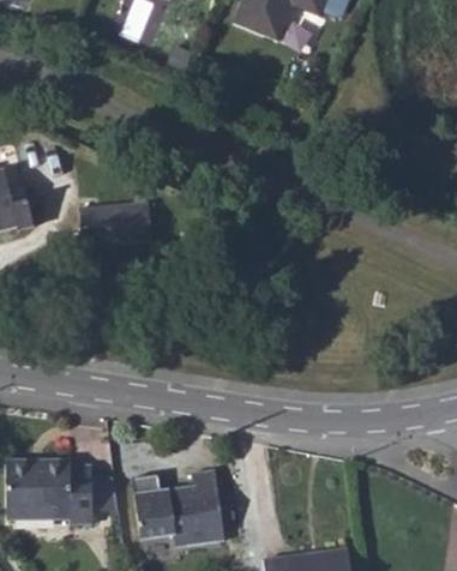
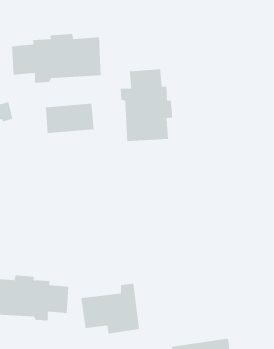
building: none -> [11,33,101,83]
building: none -> [120,69,173,142]

